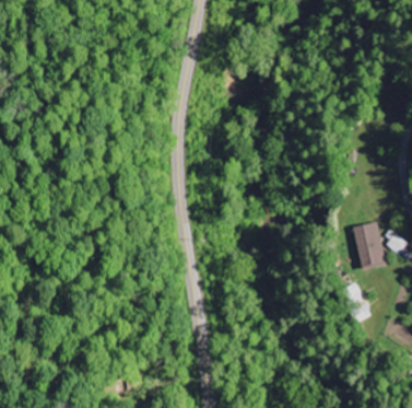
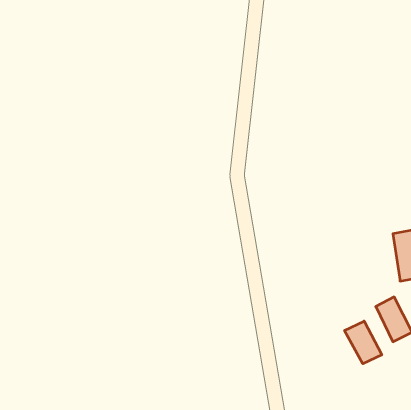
building: none -> [345,321,382,364]

